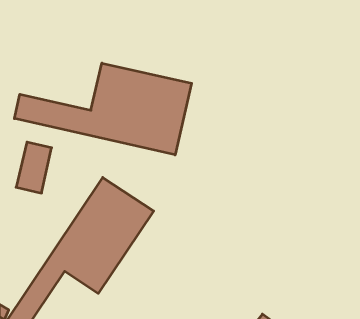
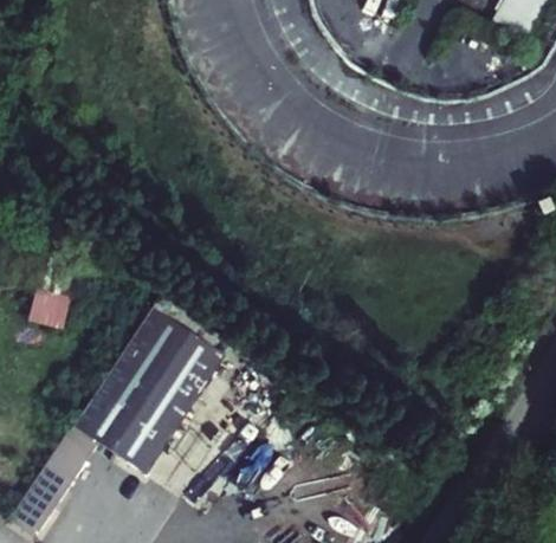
building: [14,63,192,155] -> none

